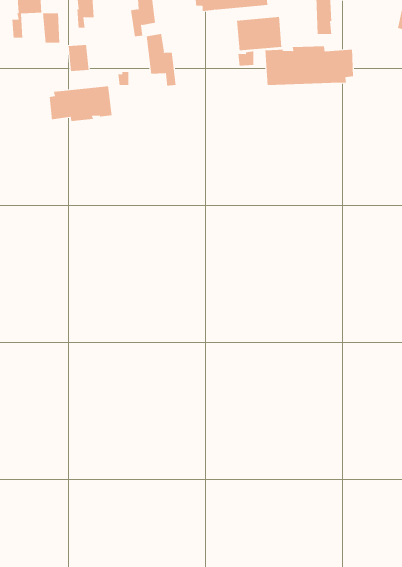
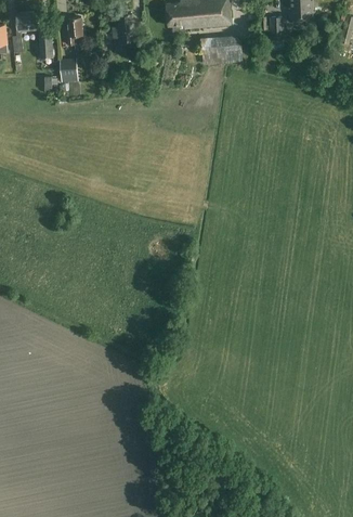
building: [146,33,176,87] -> none
building: [265,45,353,86] -> none
building: [49,86,112,122] -> none

